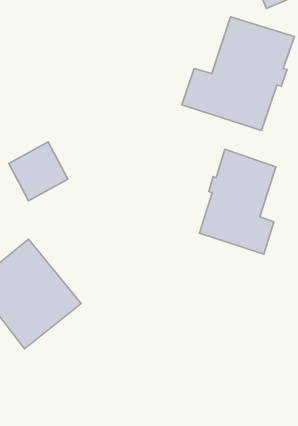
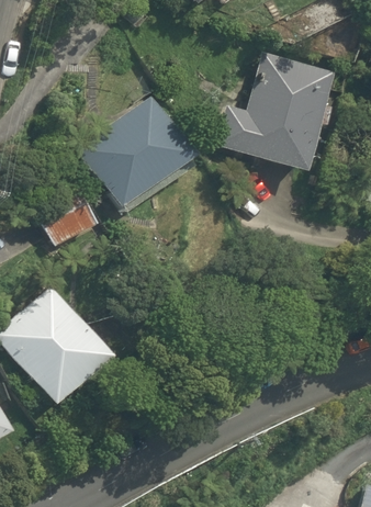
building: none -> [77,97,190,207]
building: [200,149,276,254] -> none

